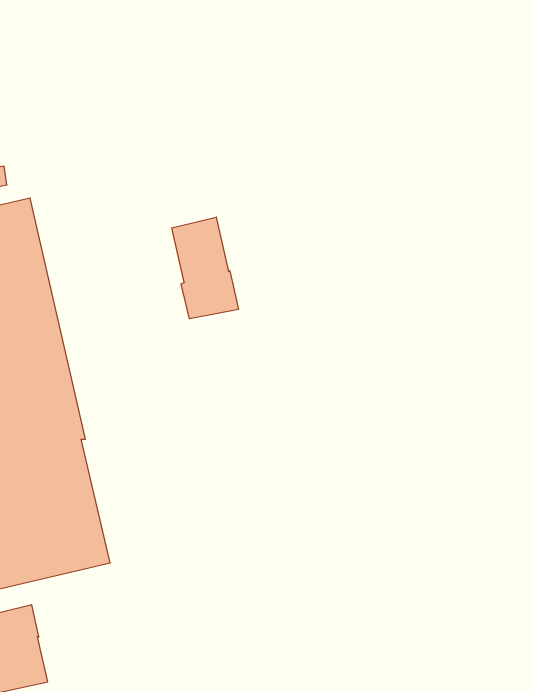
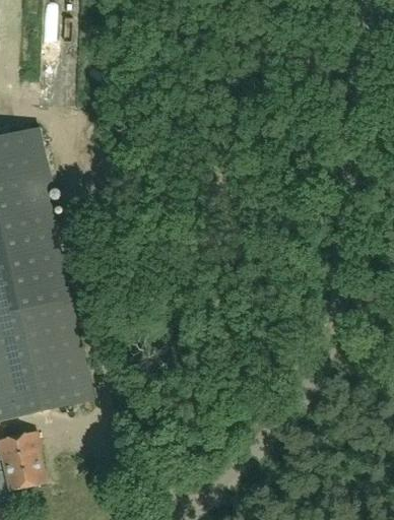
building: [172,217,238,319] -> none

